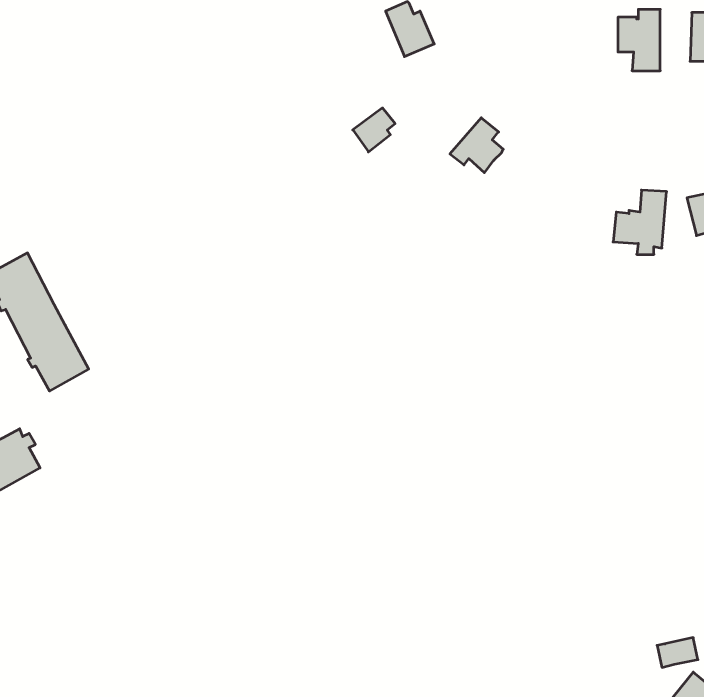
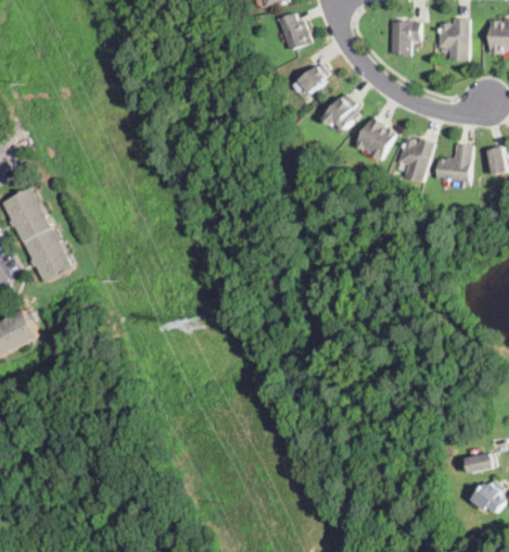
building: none -> [389,22,419,57]
building: [353,108,395,152] -> [297,64,327,95]
building: none -> [354,115,396,161]
building: none -> [396,138,433,183]

